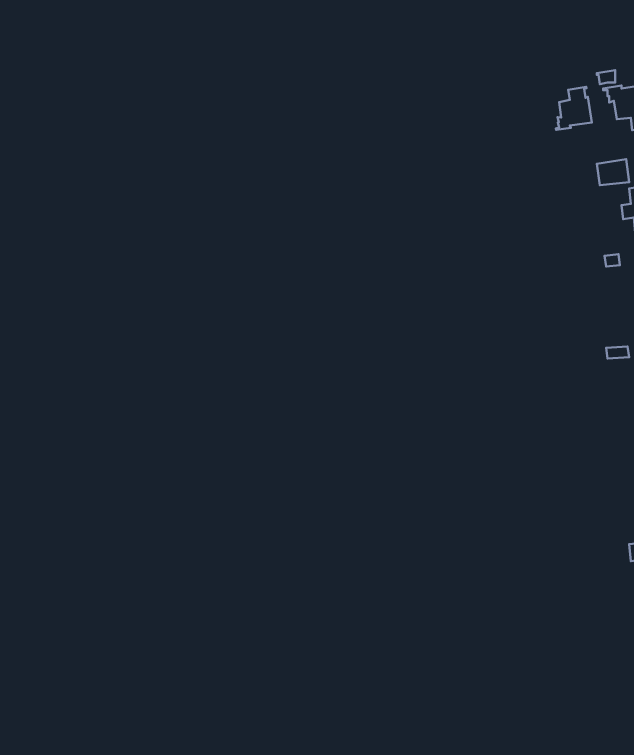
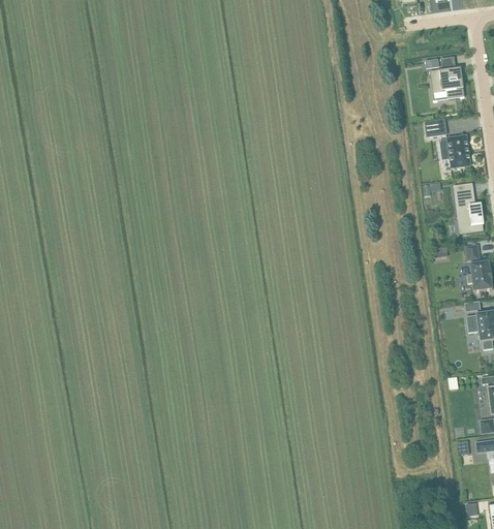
building: [556,87,592,130] -> none

